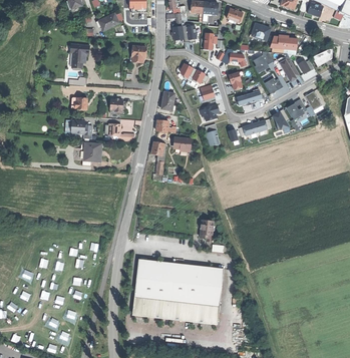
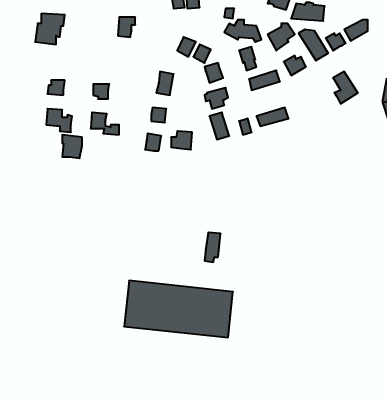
building: [273,98,308,129] -> none
building: [133,297,220,324] -> none

